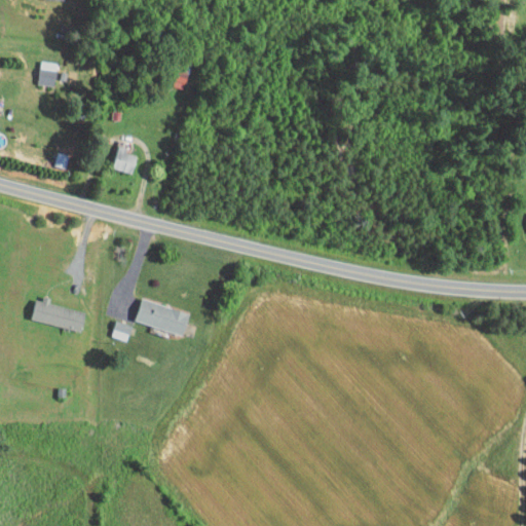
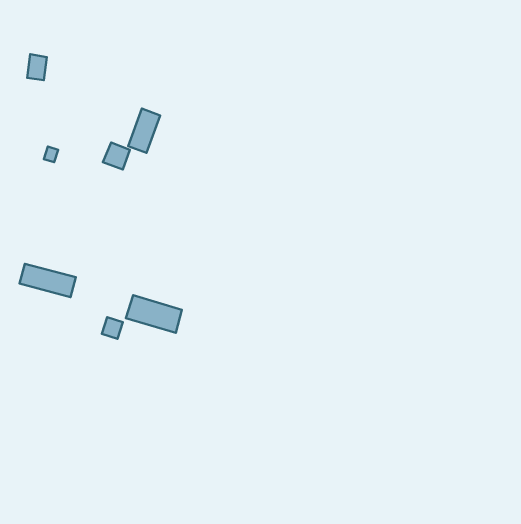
building: none -> [128,108,160,153]
building: [31,300,86,333] -> [20,264,76,297]

